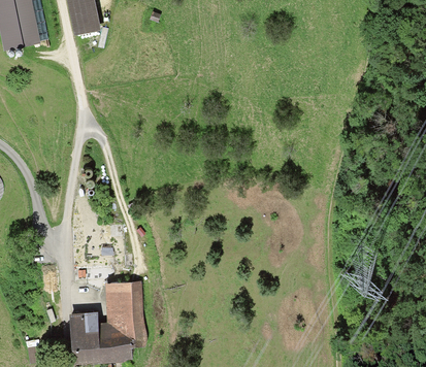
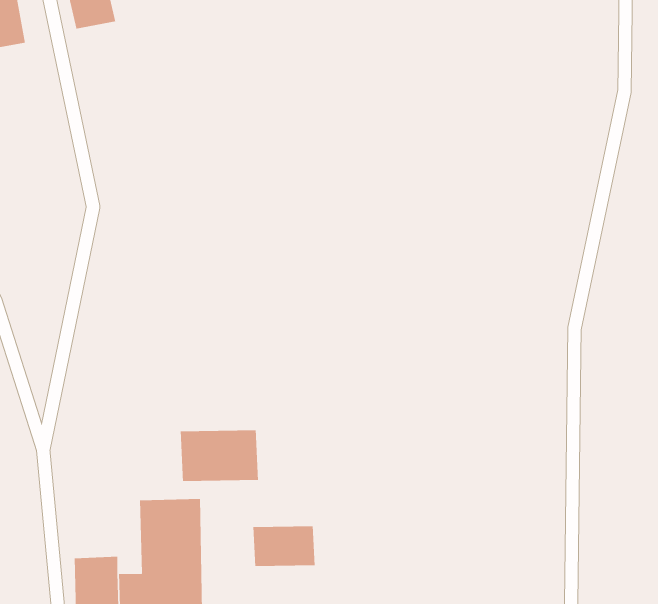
building: none -> [180,430,259,482]
building: none -> [253,526,315,567]

